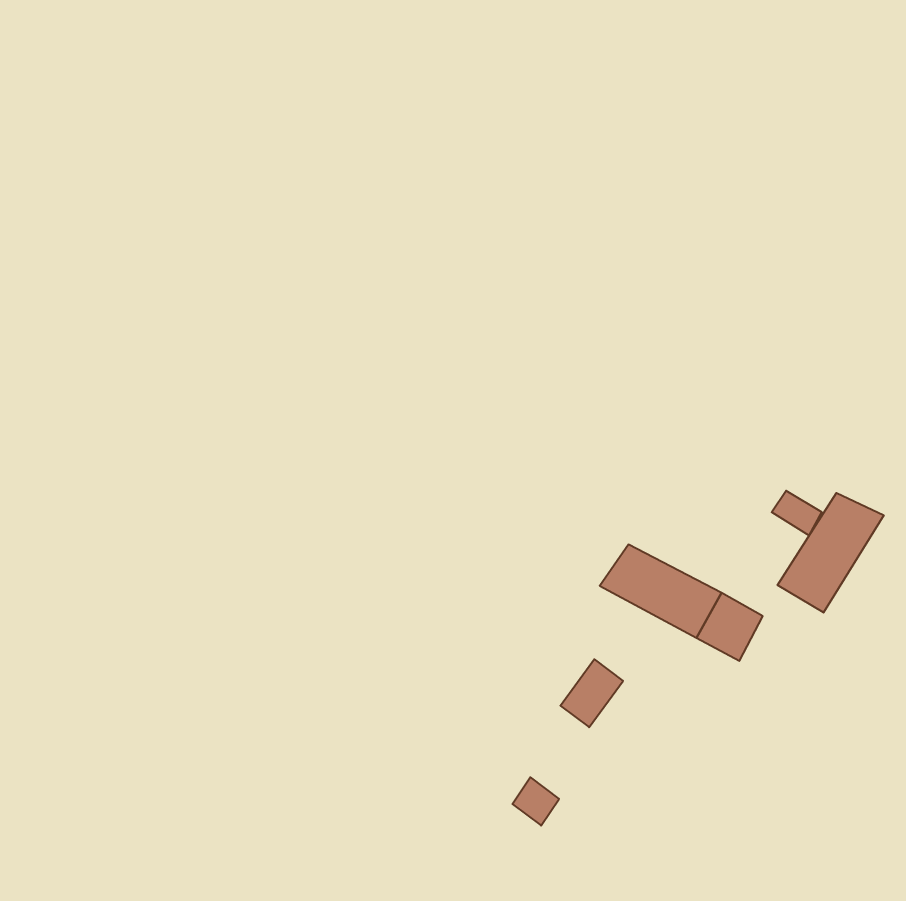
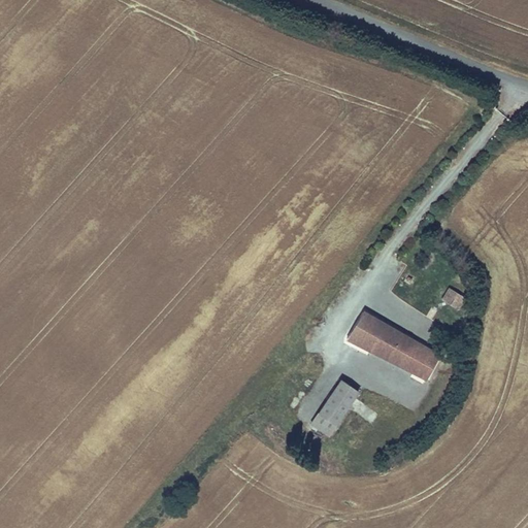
building: [778,493,884,613] -> none
building: [512,777,559,826] -> [312,406,339,434]

